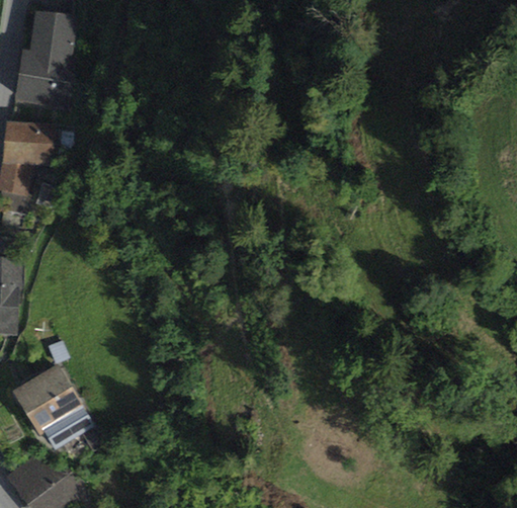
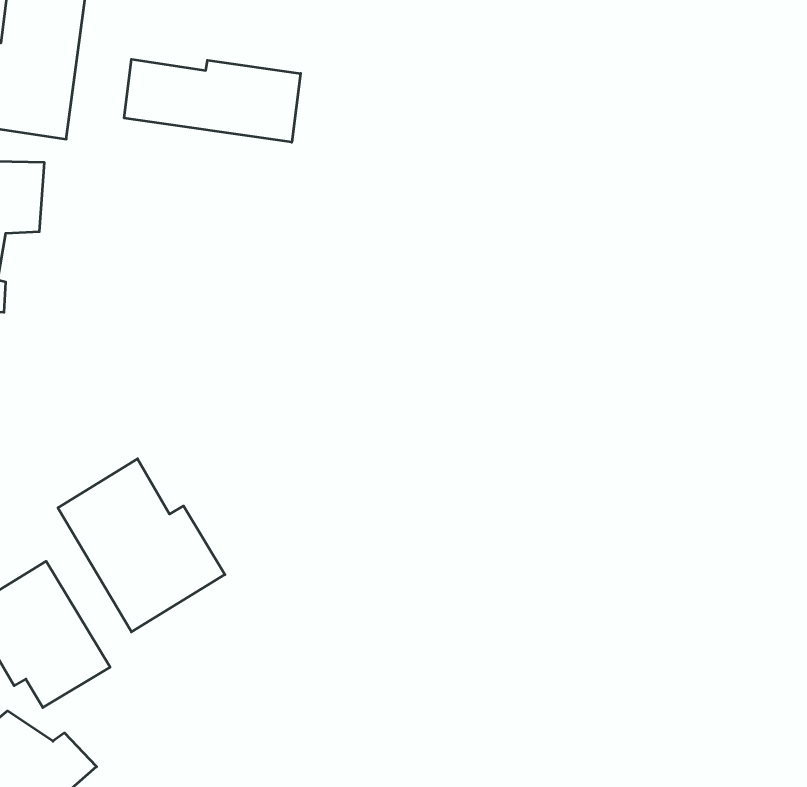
building: none -> [124,59,301,142]
building: none -> [58,459,225,632]

